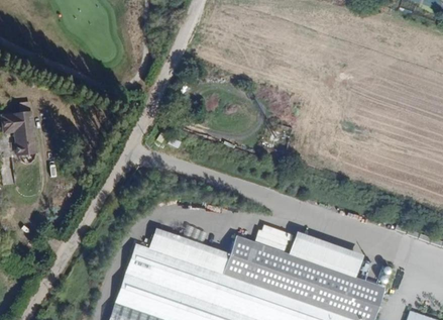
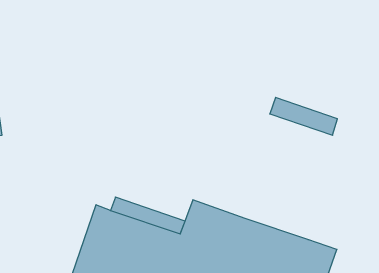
building: [293,236,363,276] -> [270,97,337,135]

